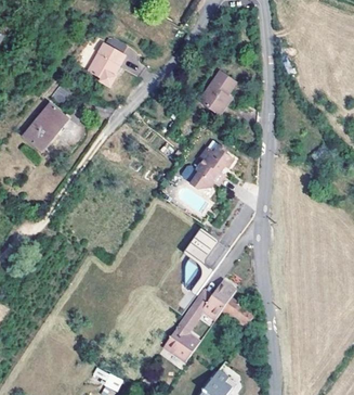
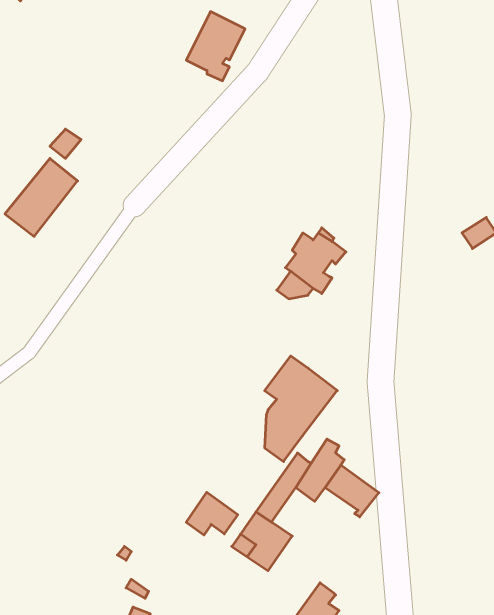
building: [86,42,122,86] -> [186,12,245,81]
building: [199,72,236,116] -> none
building: none -> [186,492,238,535]

